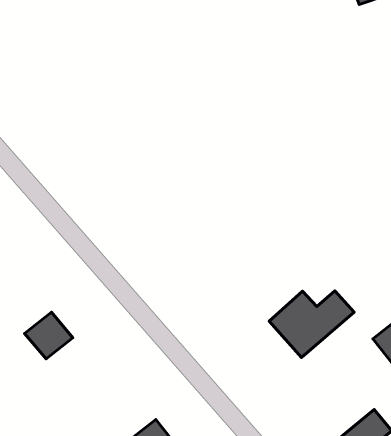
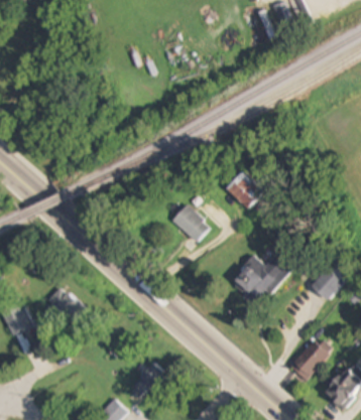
building: none -> [226,170,264,208]
building: none -> [172,203,211,242]

